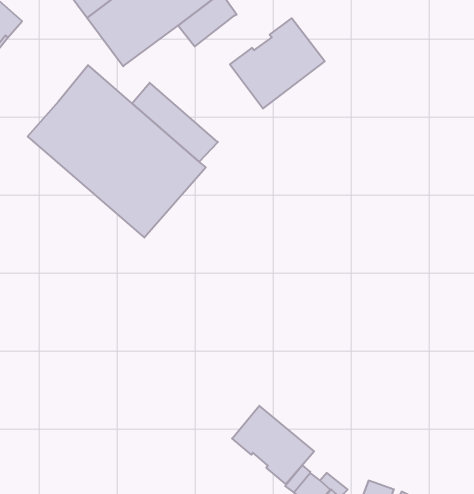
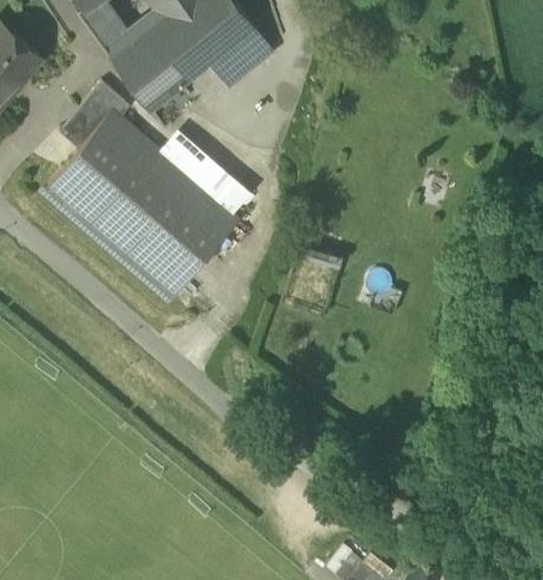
building: [230,18,325,109] -> none
building: none -> [58,81,129,147]
building: [232,406,314,484] -> none

